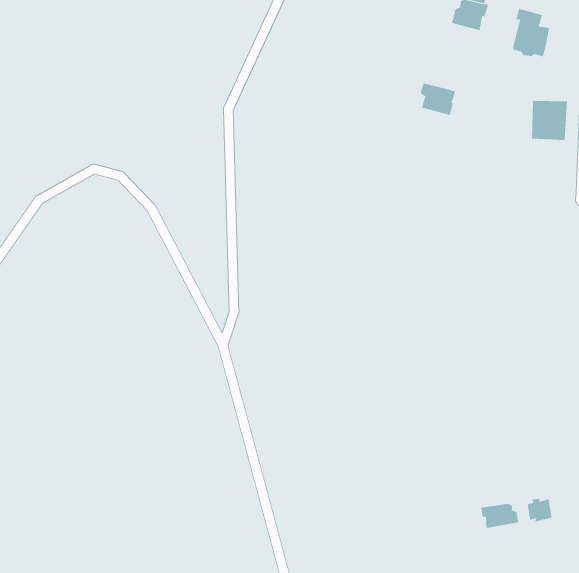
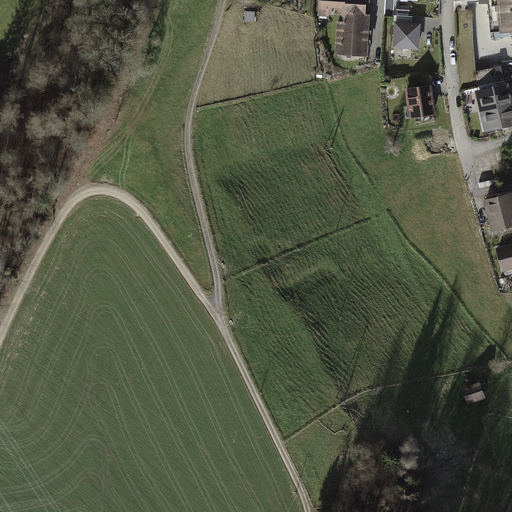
building: [420,83,456,115] -> [339,37,366,58]
building: [480,503,519,529] -> none

